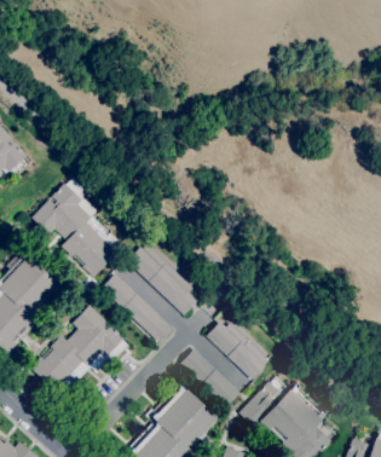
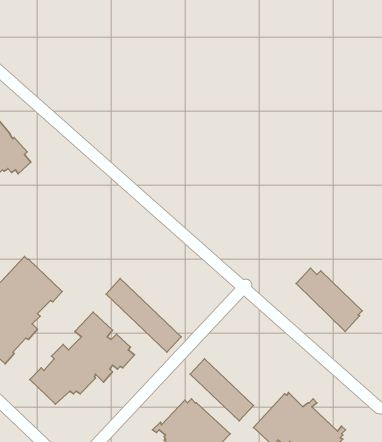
building: [31,178,122,277] -> none
building: [127,244,198,316] -> none
building: [207,320,269,380] -> [296,268,362,332]

